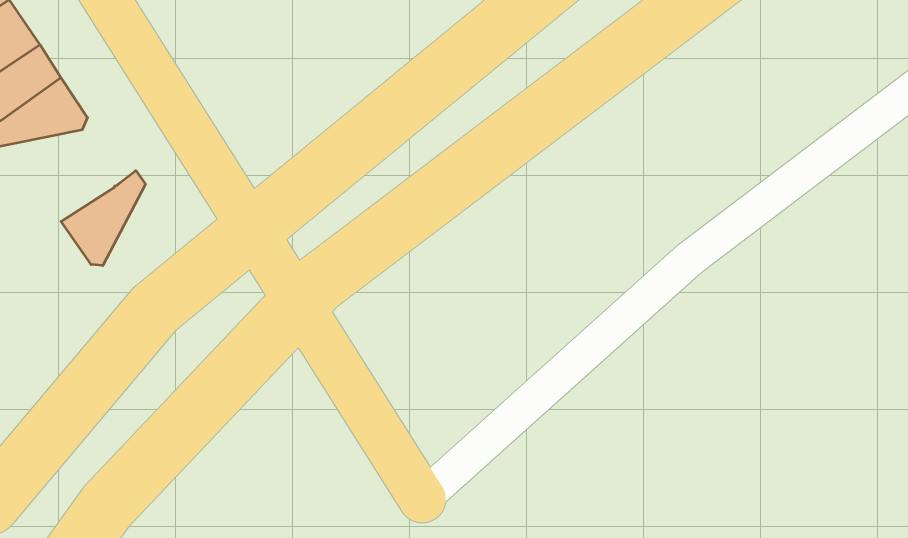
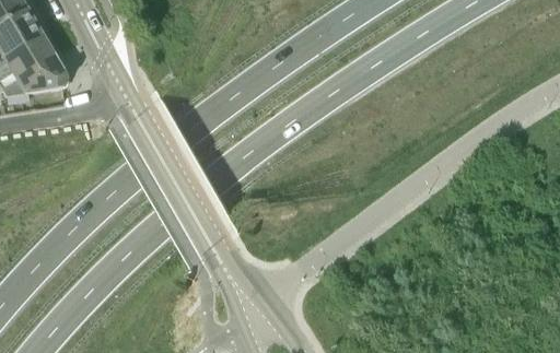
building: [61,171,145,266] -> none

